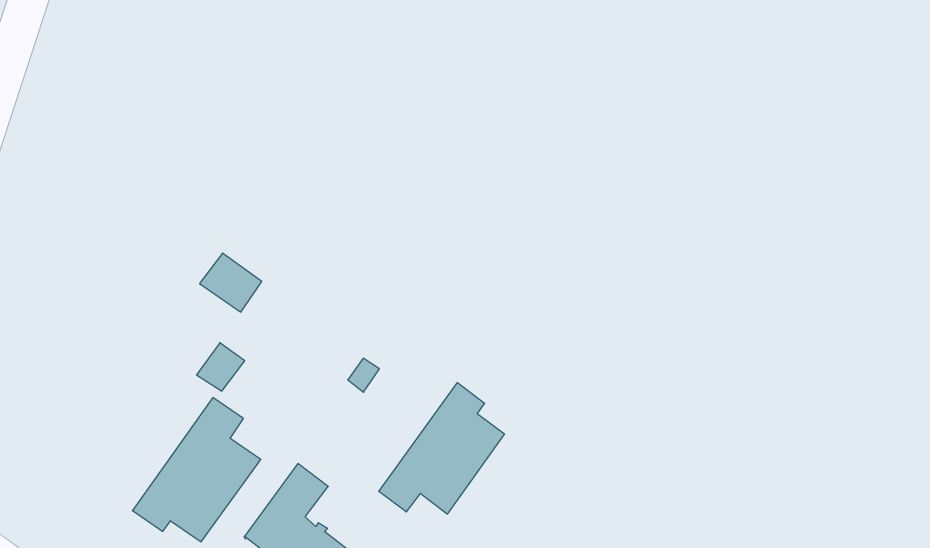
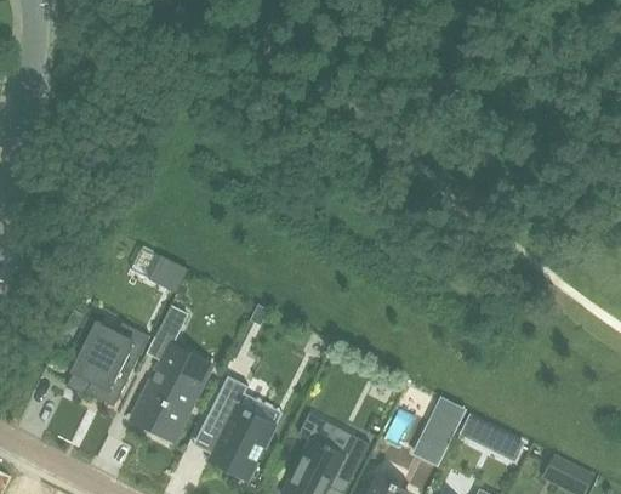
building: none -> [65,318,137,398]
building: [379,383,504,514] -> none

